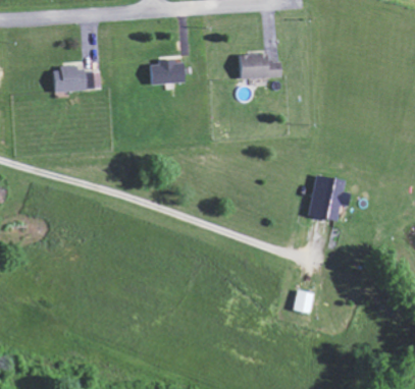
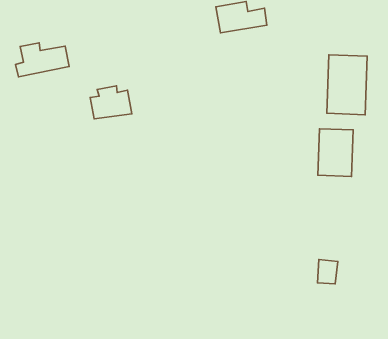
building: [150,57,185,84] -> [90,86,132,119]
building: none -> [327,55,367,115]

